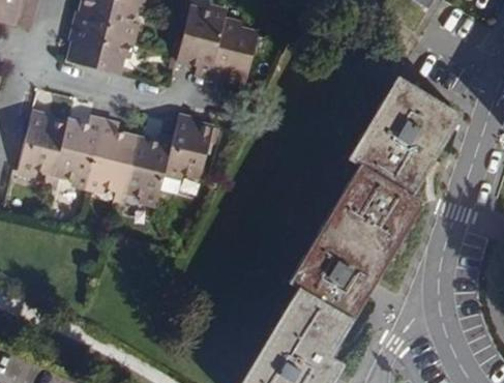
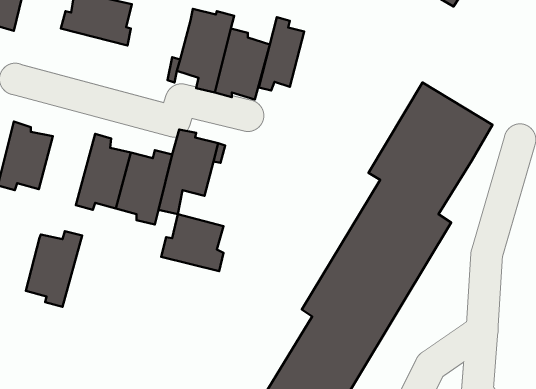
building: none -> [259,17,304,90]
building: [68,27,132,77] -> none
building: [53,118,103,186] -> [26,231,82,307]
building: none -> [161,214,224,271]

